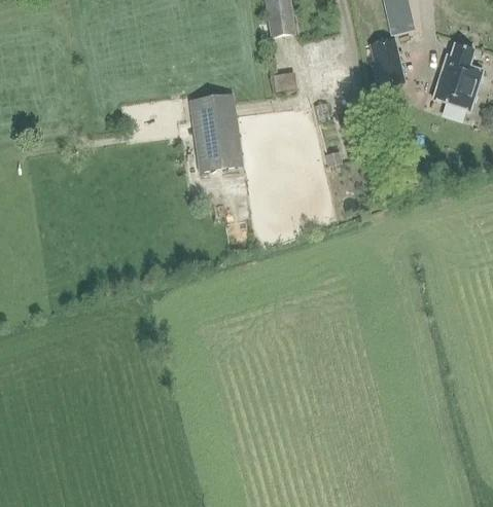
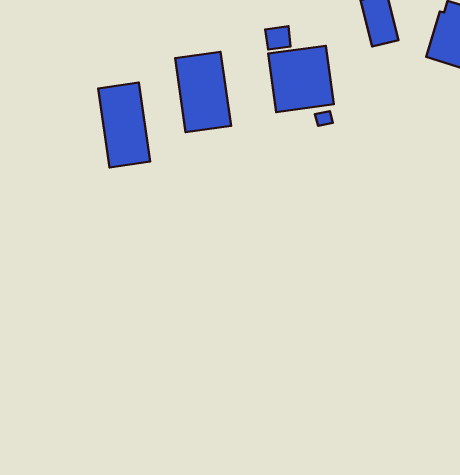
building: none -> [268,46,334,112]
building: none -> [98,82,150,168]

